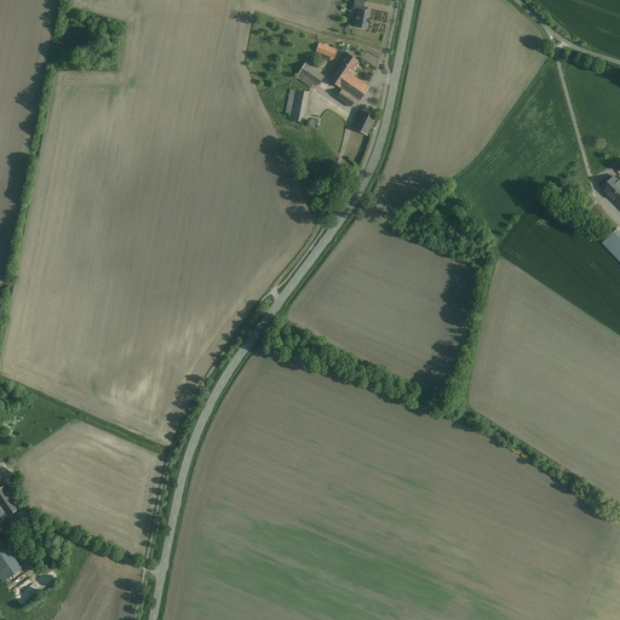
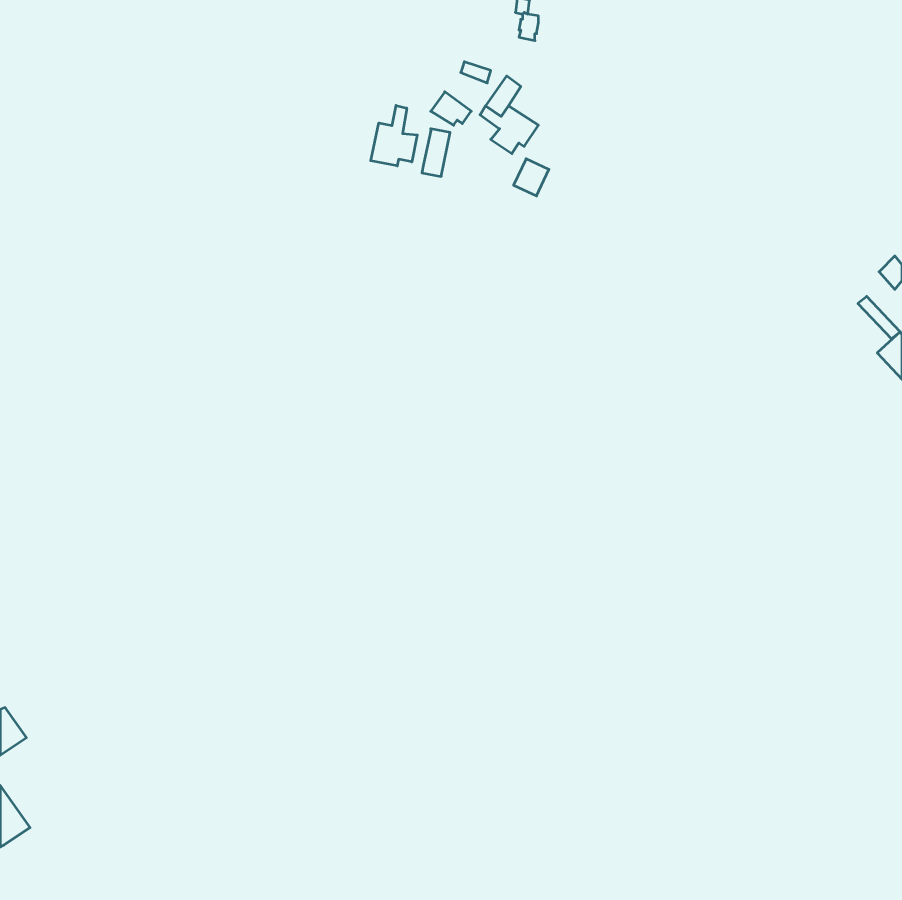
building: none -> [371,105,417,166]

